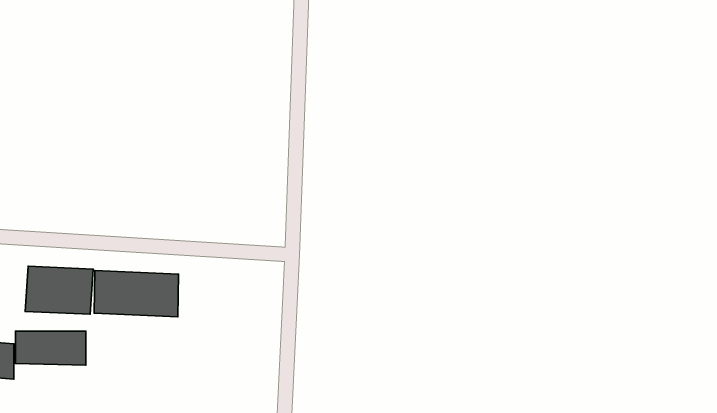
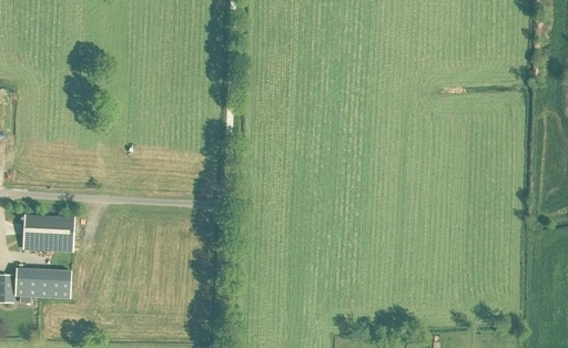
building: [94,271,179,317] -> none

